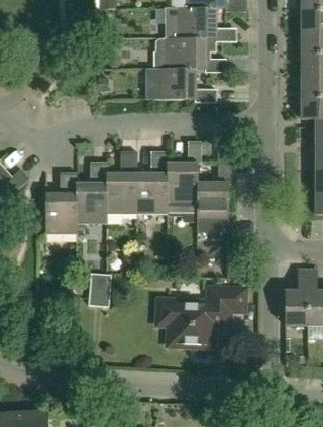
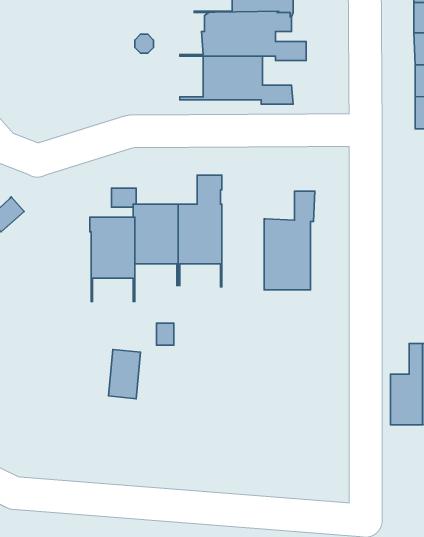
building: [167,141,201,211] -> none
building: [45,191,77,249] -> none
building: [158,287,245,347] -> none

